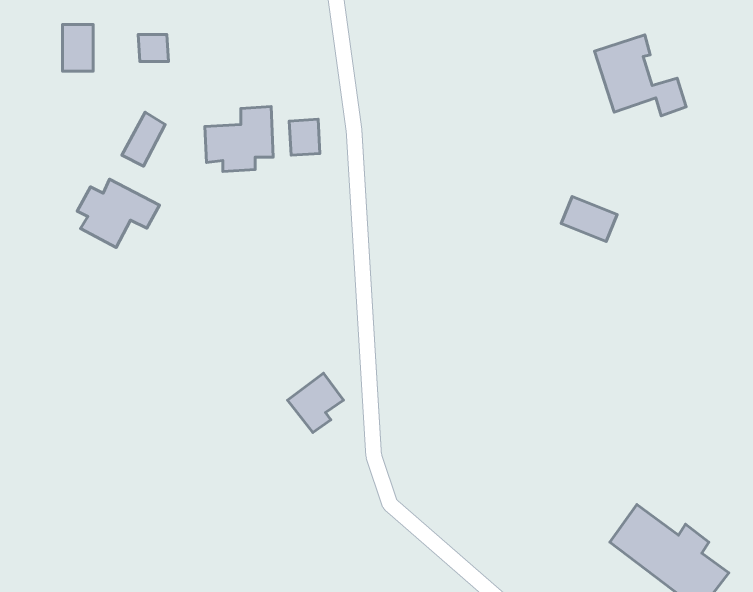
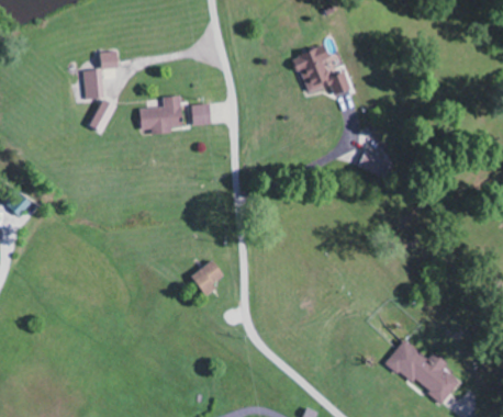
building: [63,24,93,71] -> [82,69,101,98]
building: [594,35,686,116] -> [293,46,349,95]
building: [77,179,159,247] -> none

